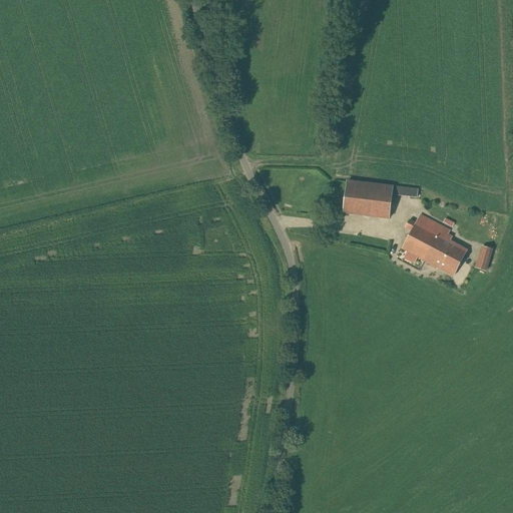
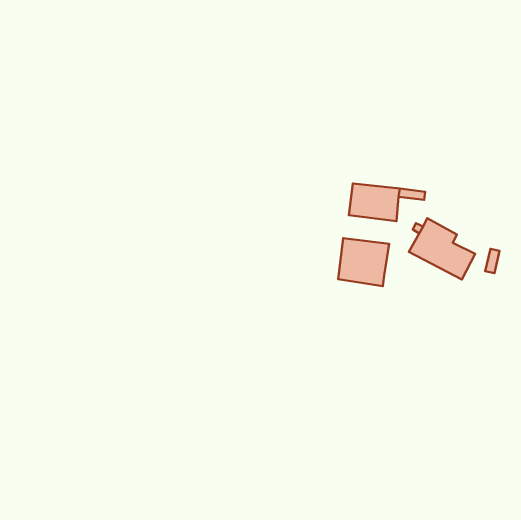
building: none -> [338,238,389,286]

